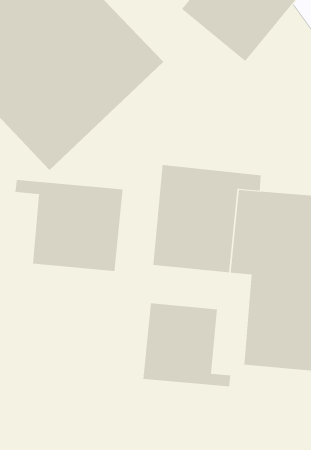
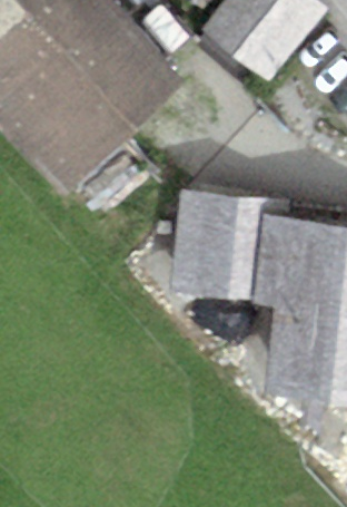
building: [15,179,123,272] -> none
building: [143,302,231,387] -> none

